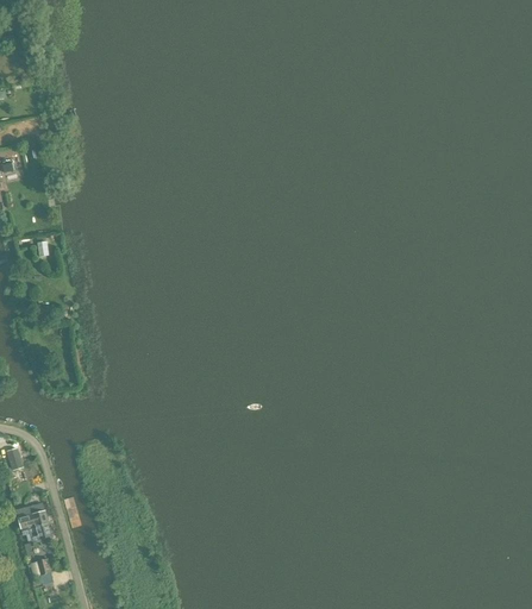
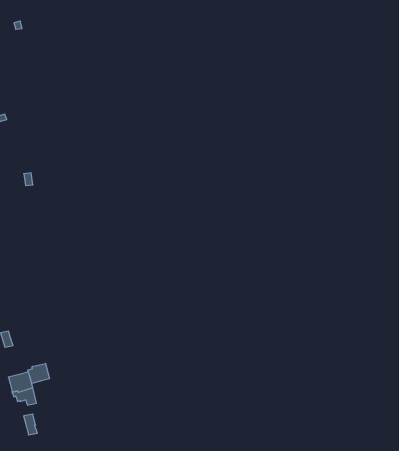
building: none -> [28,363,50,384]

